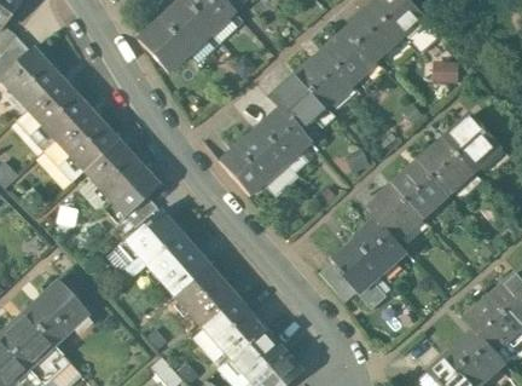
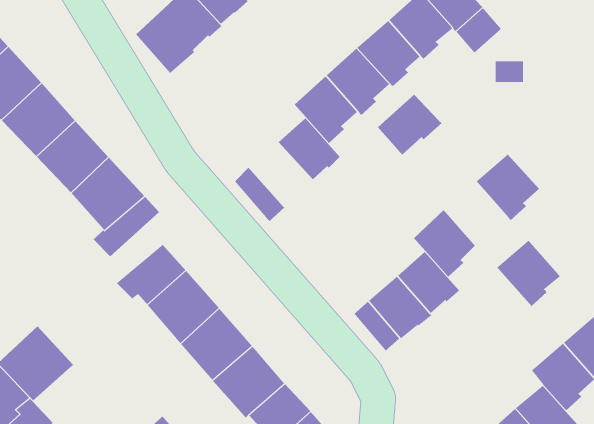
building: none -> [377,94,443,155]
building: [448,114,501,171] -> none
building: [233,128,286,182] -> none
building: [395,161,448,217] -> [497,240,561,307]

